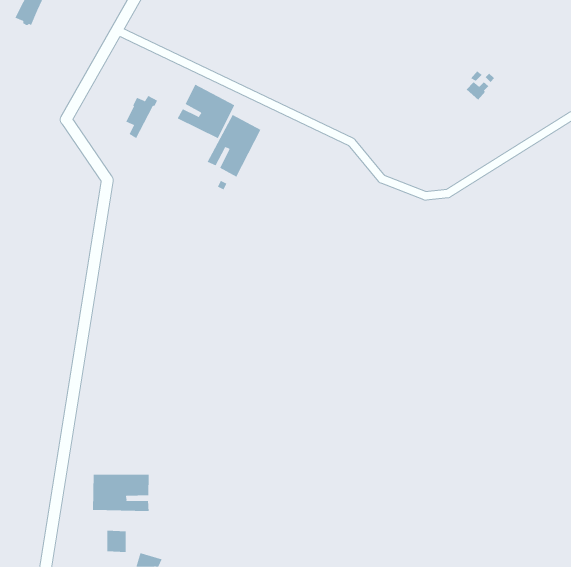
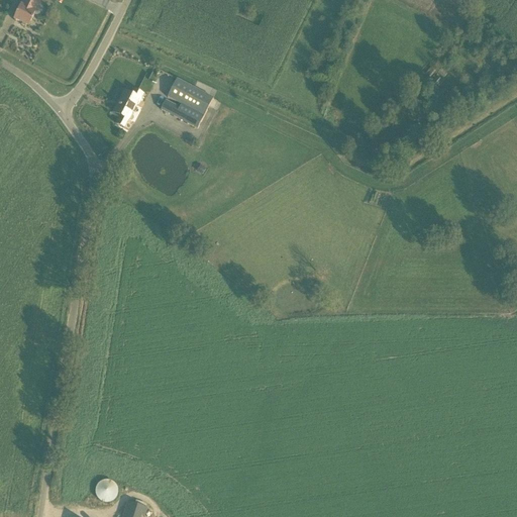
building: [207,114,261,177] -> none
building: [93,474,149,512] -> none

